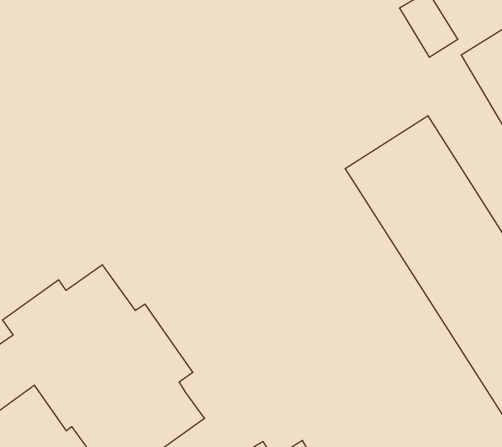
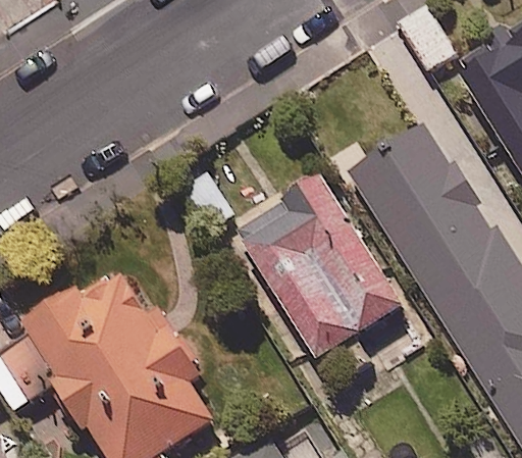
building: none -> [234,174,402,367]

